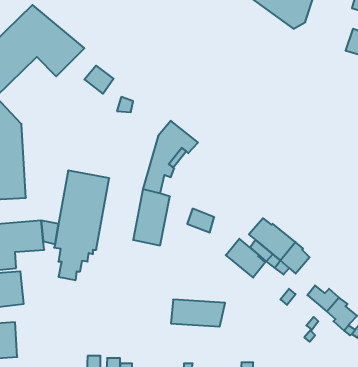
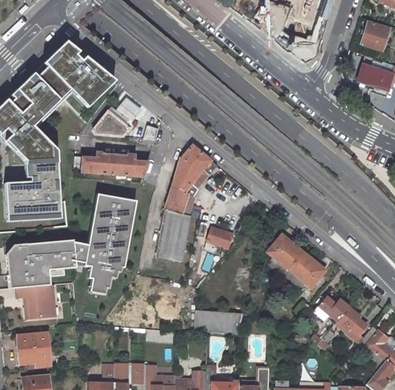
building: none -> [93,105,134,136]
building: none -> [76,154,150,177]
building: [226,239,265,278] -> none

